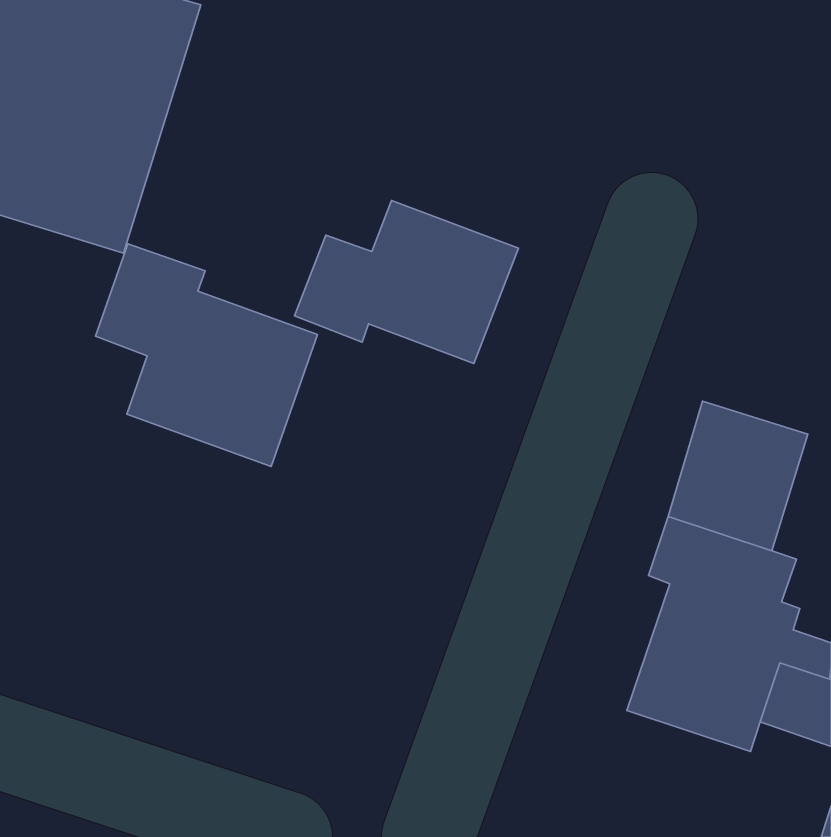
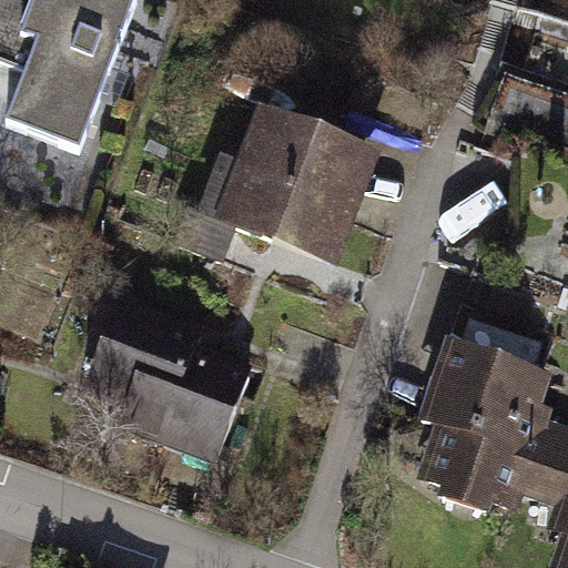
building: [95,244,318,466] -> none
building: none -> [87,307,245,463]

